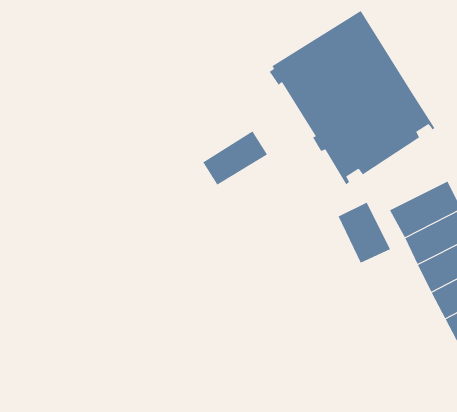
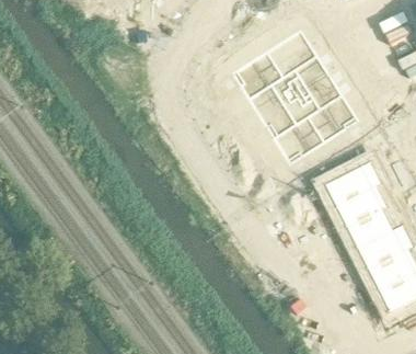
building: [196,131,268,194] -> none
building: [338,202,391,263] -> none

